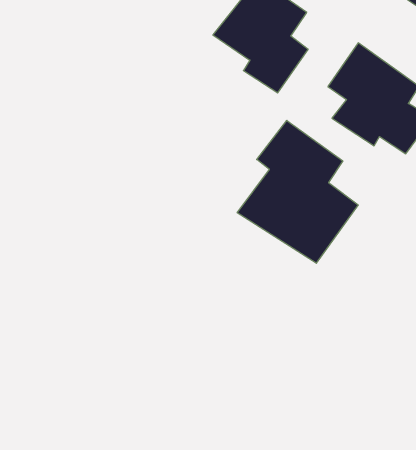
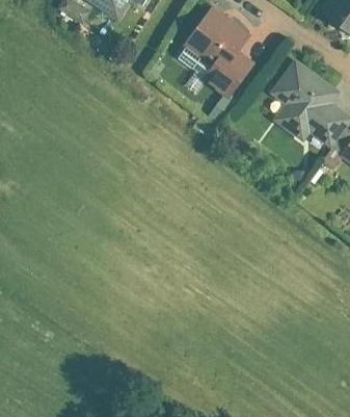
building: [237,120,358,263] -> none

